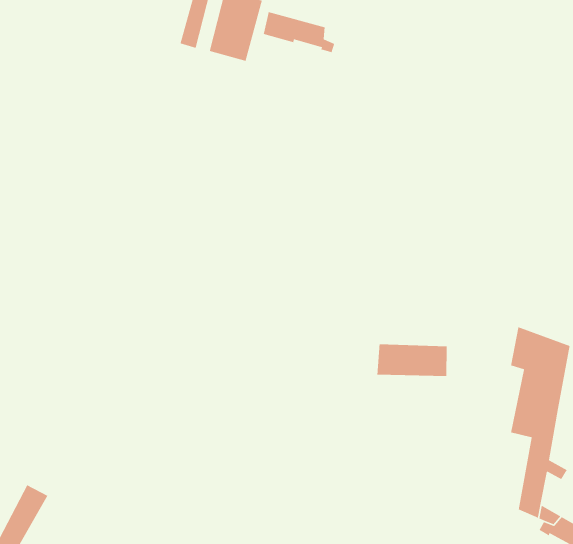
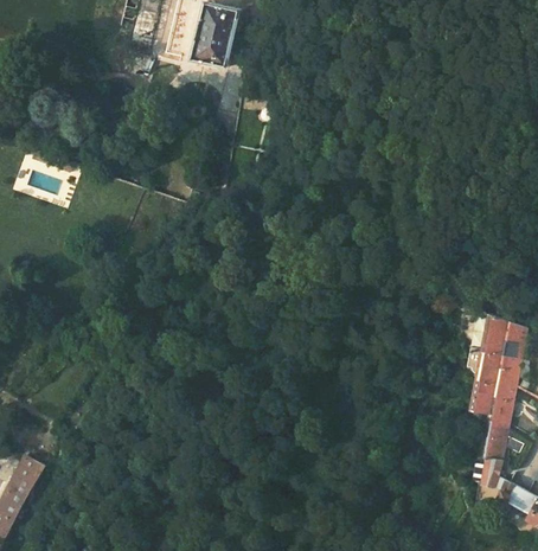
building: [263,11,335,53] -> none
building: [377,344,447,377] -> none

